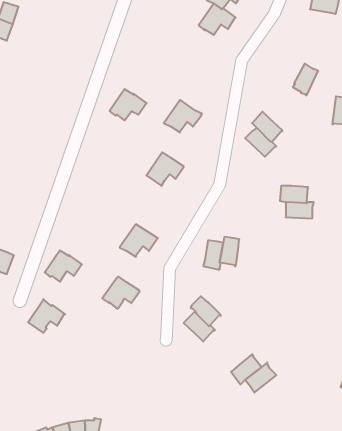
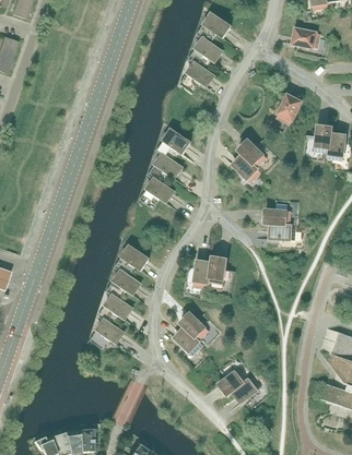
building: none -> [178,61,213,92]
building: [110,89,147,120] -> [146,153,181,182]
building: [45,250,82,282] -> [105,270,140,299]
building: [28,299,65,333] -> [89,318,124,349]

